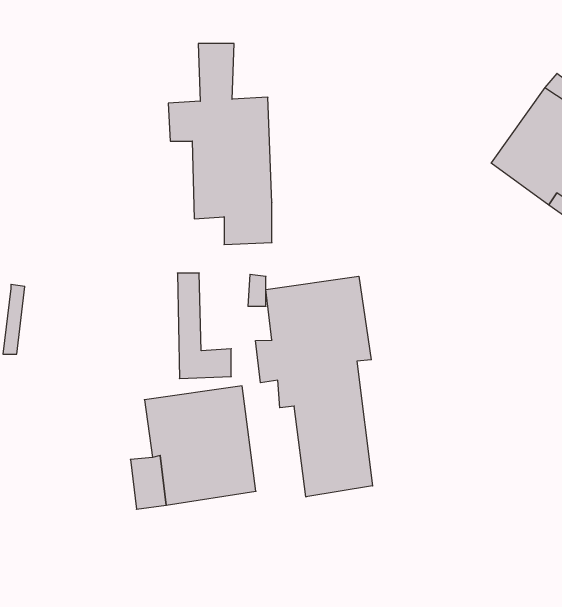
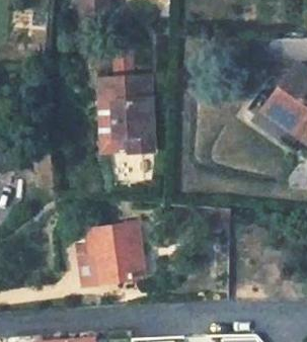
building: [177,273,231,379] -> [99,98,127,152]
building: [256,276,373,497] -> none

